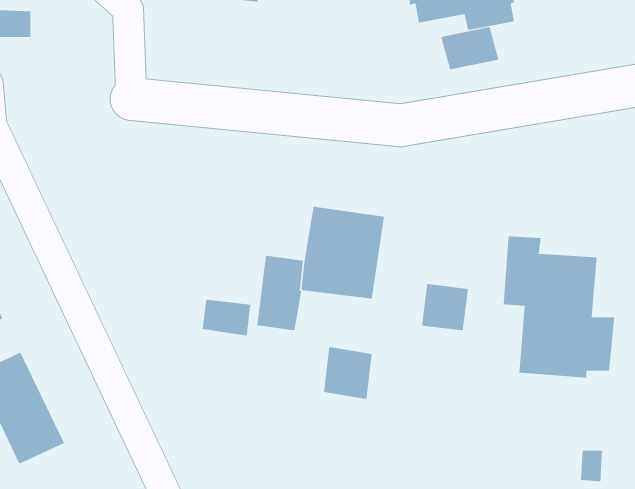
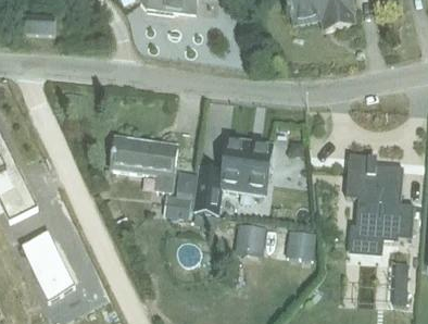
building: [441,26,499,70] -> none
building: none -> [110,137,176,190]
building: [421,284,469,331] -> [285,230,314,260]

